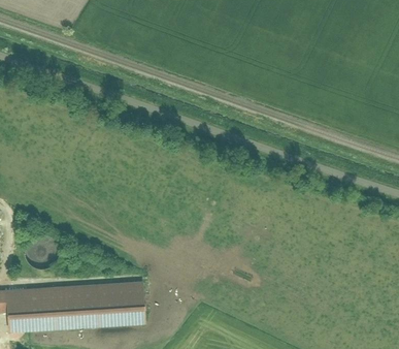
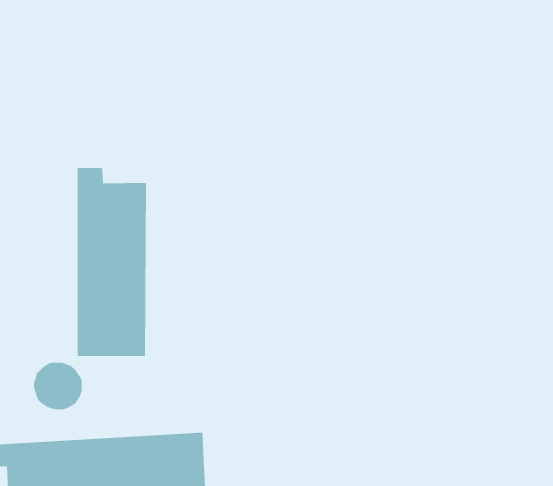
building: none -> [77,167,147,357]

